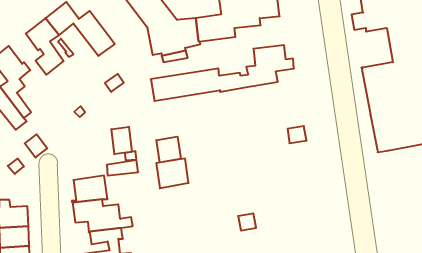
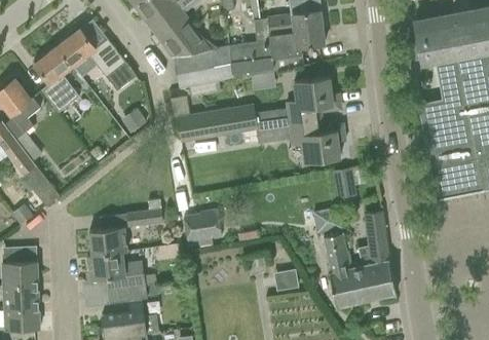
building: none -> [256,120,345,163]
building: [111,127,132,154] -> none
building: [156,137,181,162] -> none
building: none -> [313,209,396,306]

